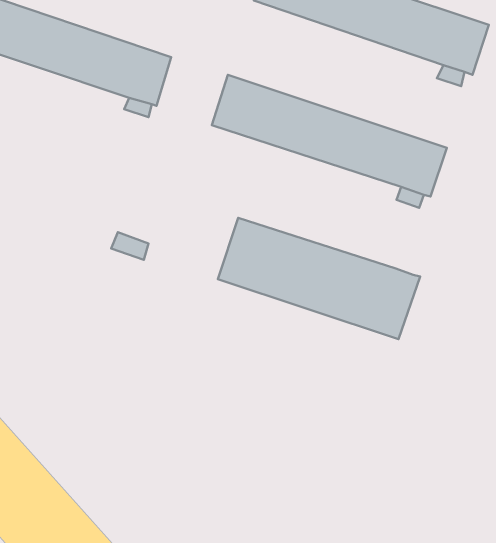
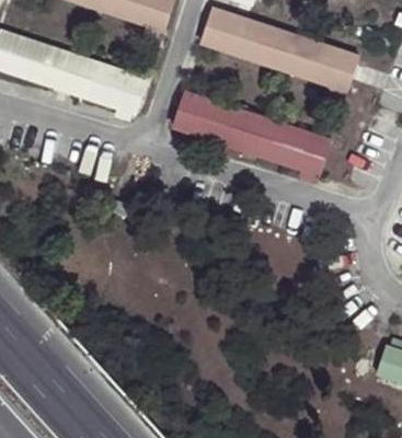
building: [218,218,420,339] -> none

